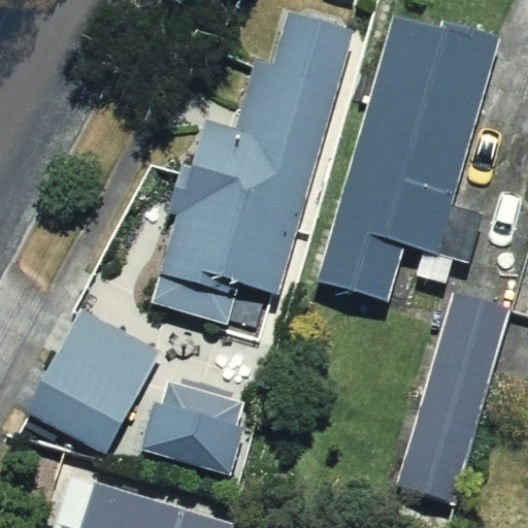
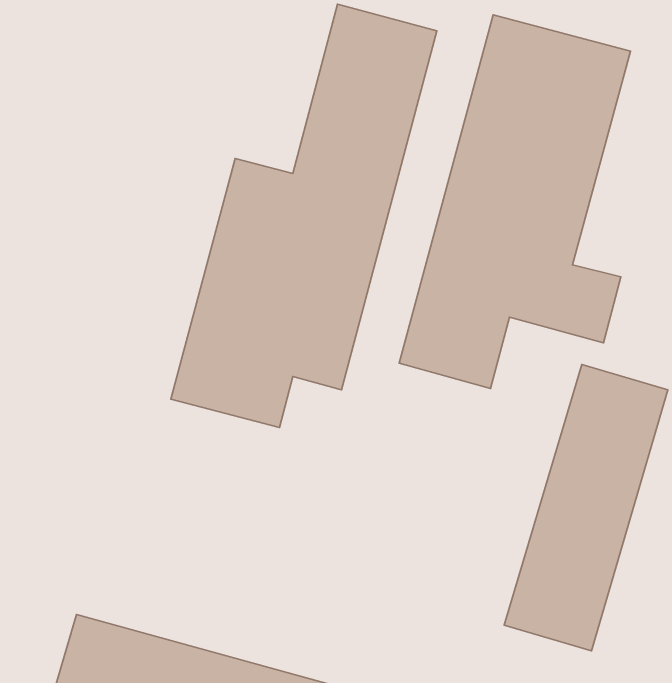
building: [28,308,168,459] -> none
building: [156,385,254,481] -> none

